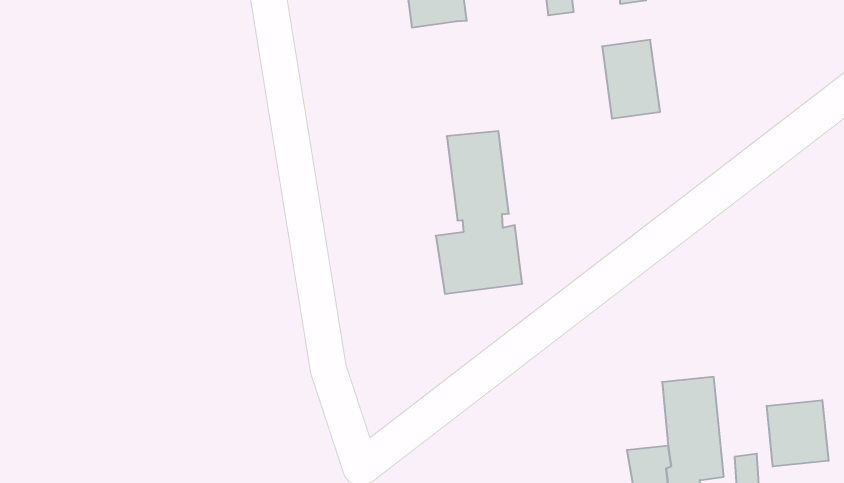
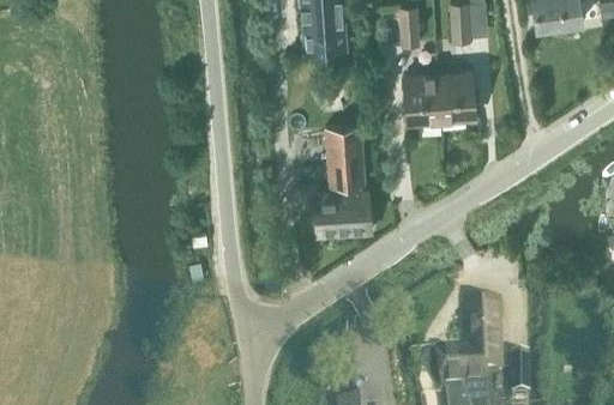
building: none -> [403,74,440,127]
building: [767,400,828,467] -> none

